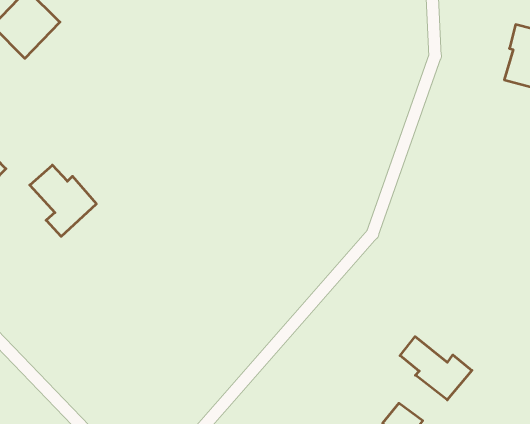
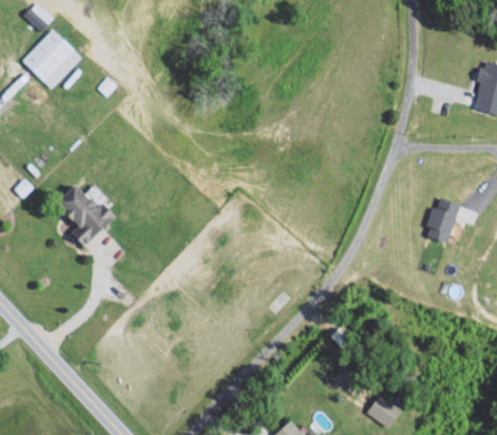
building: none -> [424,197,460,244]
building: [400,337,472,400] -> none

